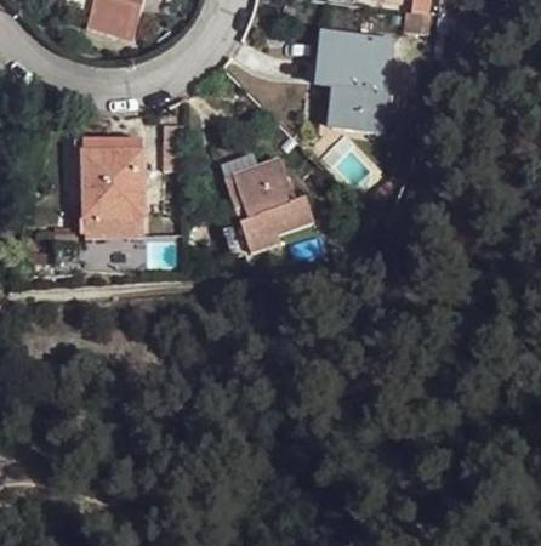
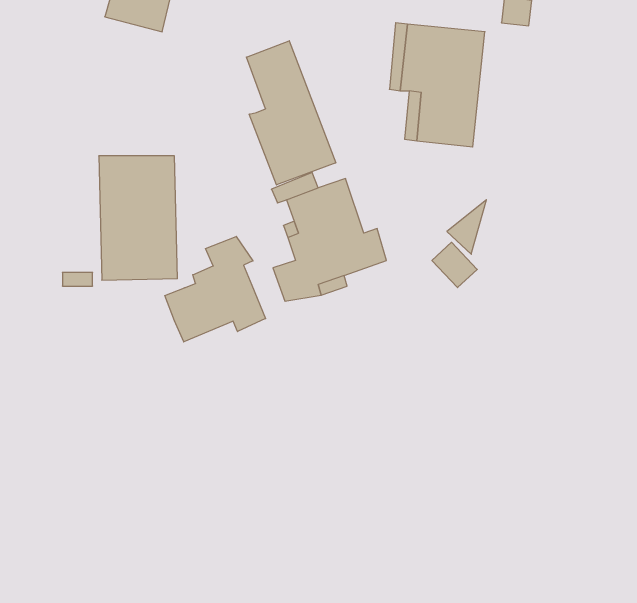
building: none -> [246,41,336,185]
building: none -> [165,236,266,342]

